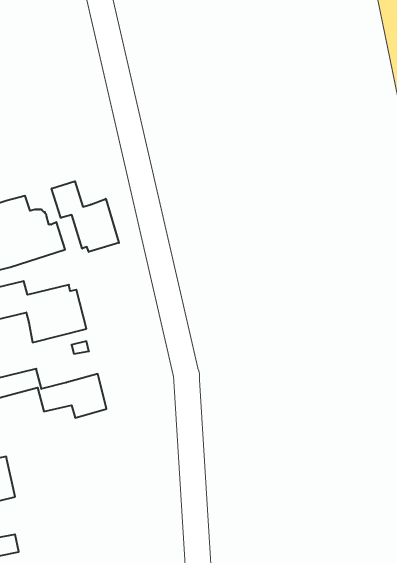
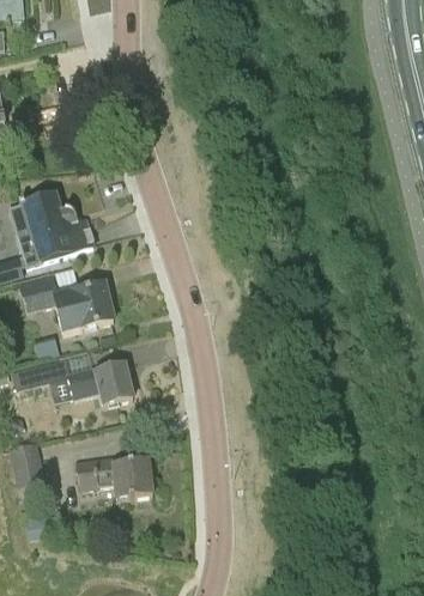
building: [52,181,119,252] -> none
building: none -> [75,455,153,499]

